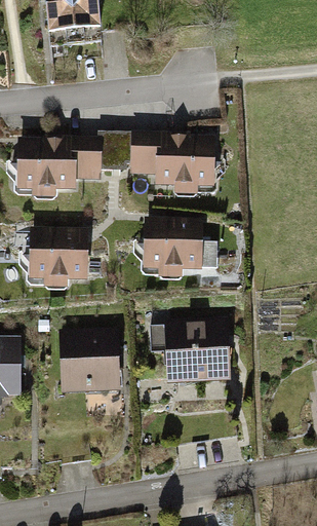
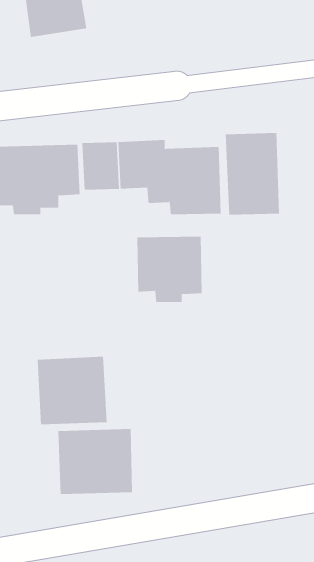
building: none -> [225,132,280,216]
building: [29,229,90,288] -> none
building: [162,322,231,382] -> [58,428,133,495]

